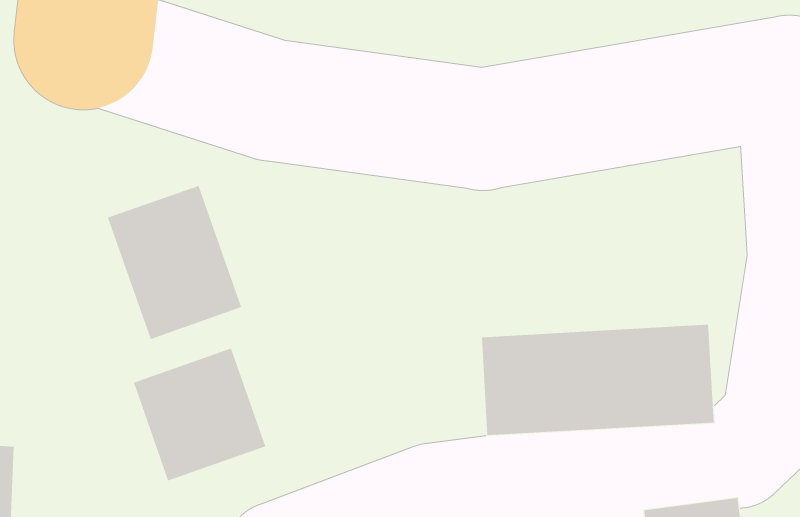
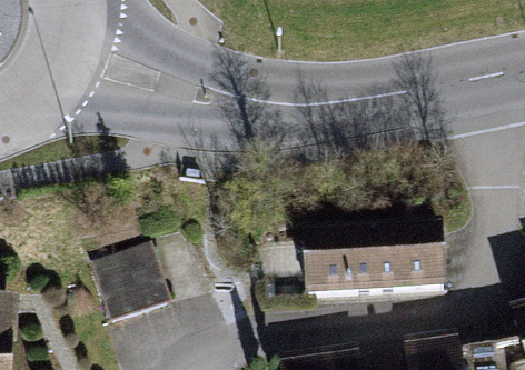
building: [107,185,242,340] -> none

